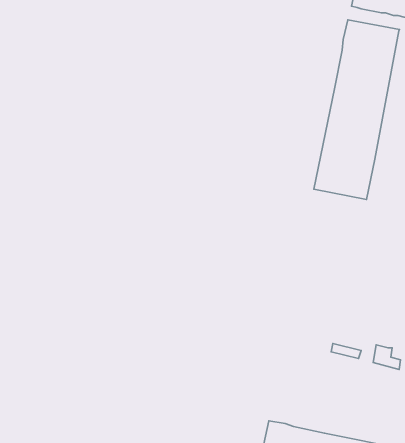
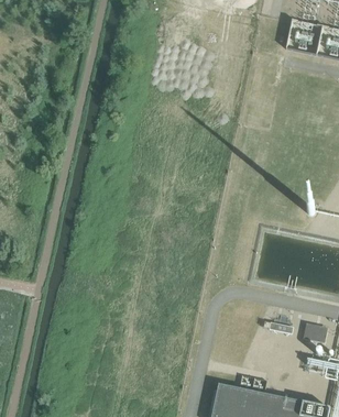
building: [314,20,399,199] -> none

